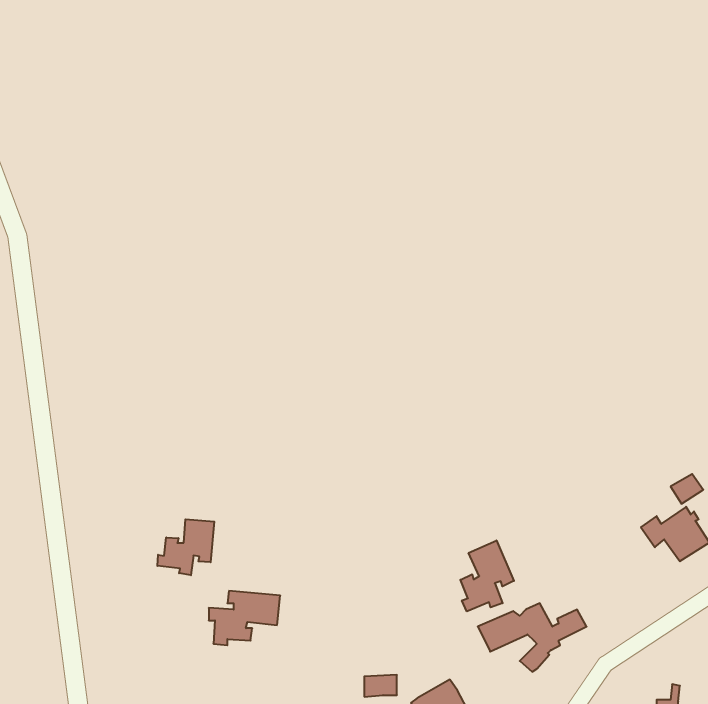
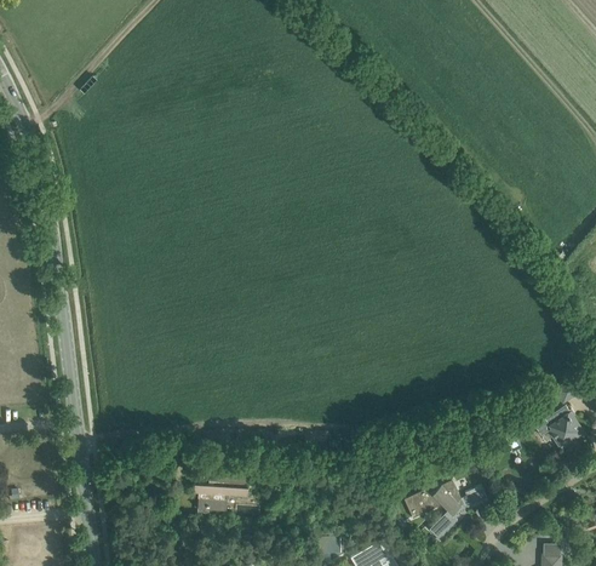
building: [157,519,214,575] -> none
building: [460,540,514,611] -> none

